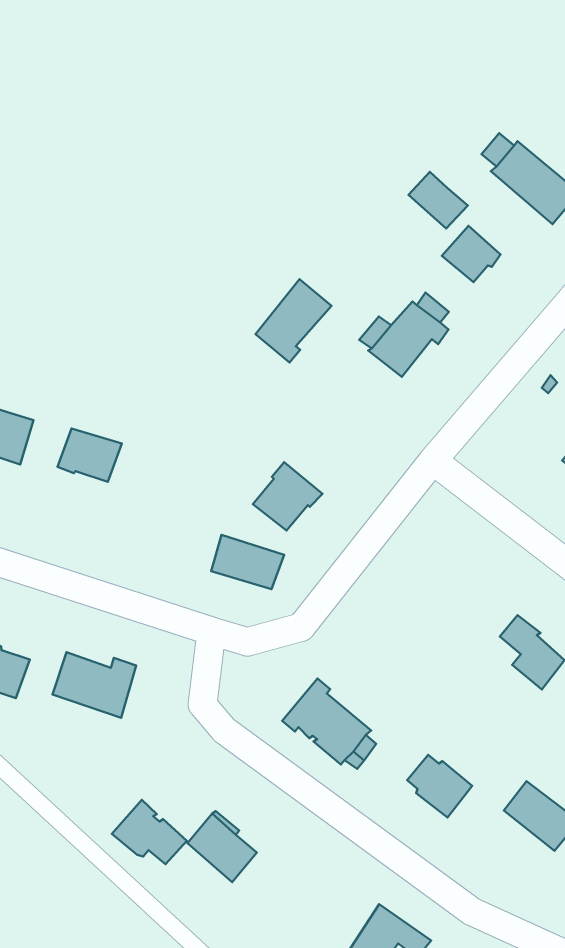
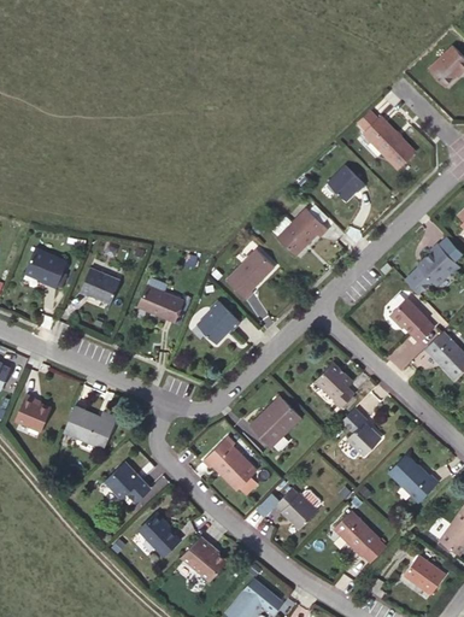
building: [408,172,468,229] -> none
building: [256,279,331,362] -> [227,249,275,300]
building: [211,535,284,589] -> [139,286,184,322]
building: none -> [316,363,356,409]
building: none -> [251,399,301,447]
building: [112,800,187,864] -> [105,462,151,503]
building: none -> [182,536,227,581]

